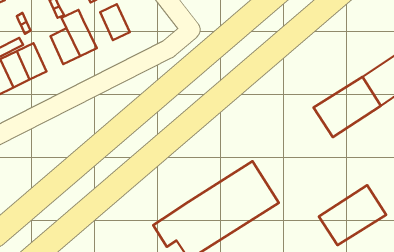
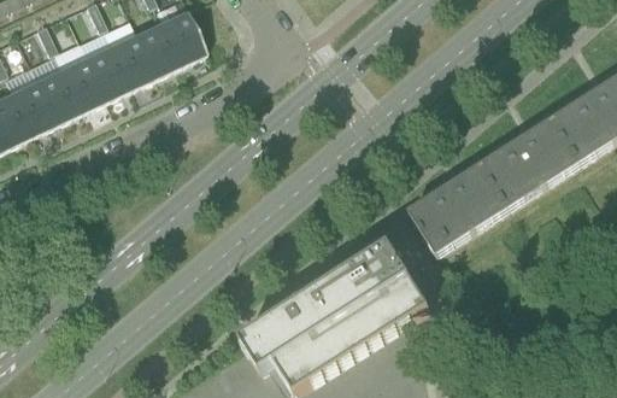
building: none -> [135,21,180,75]
building: none -> [60,57,105,110]
building: [319,185,386,245] -> [409,164,510,254]

